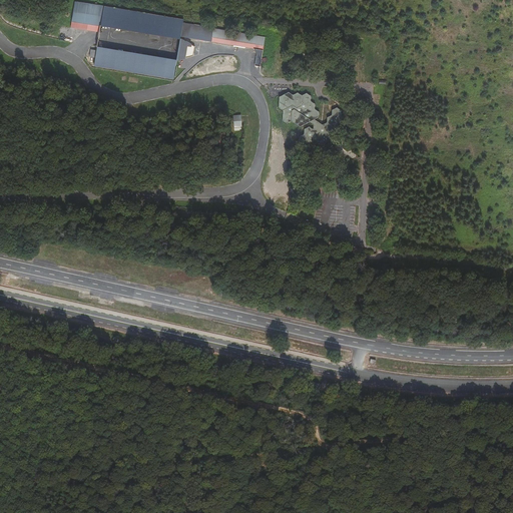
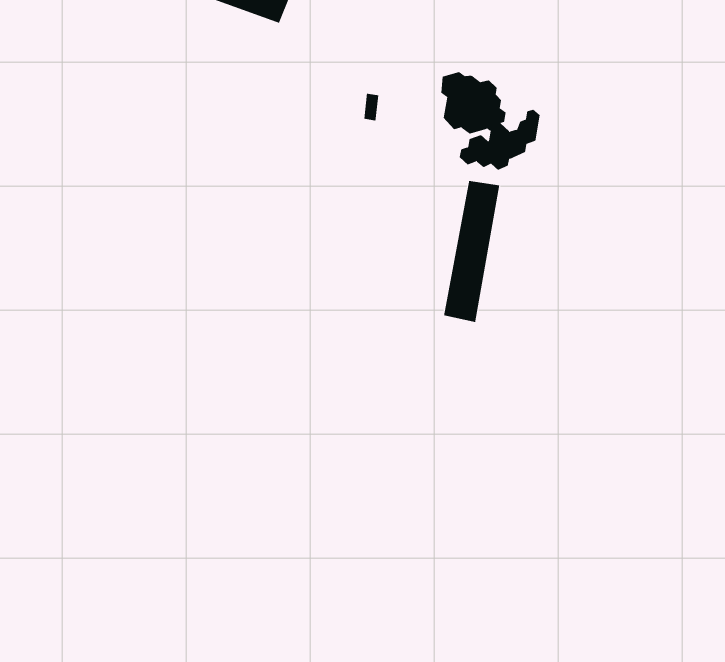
building: none -> [444,180,500,323]

